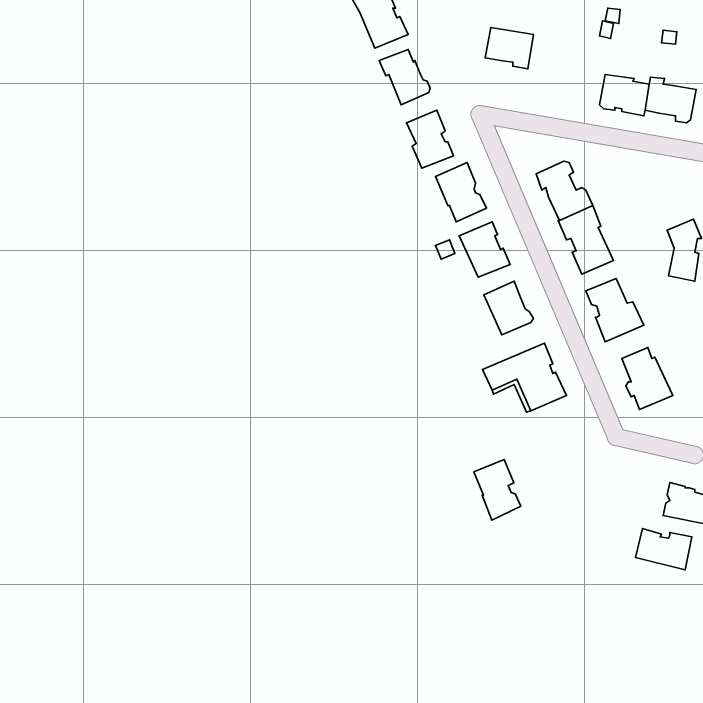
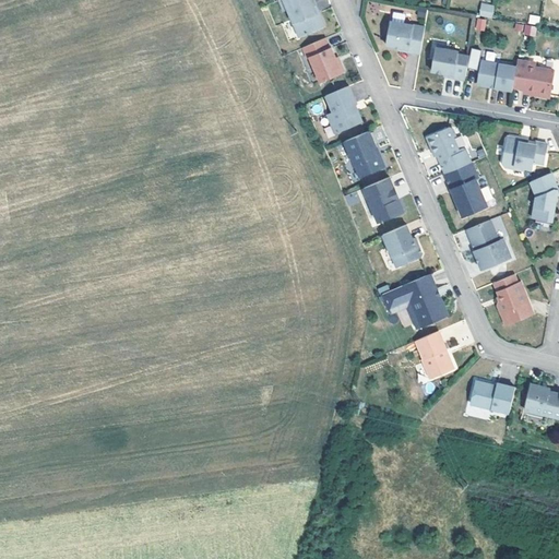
building: none -> [430,48,468,81]
building: none -> [501,139,546,169]
building: [474,459,521,520] -> [416,330,453,378]
building: [635,529,692,570] -> [472,379,516,412]

